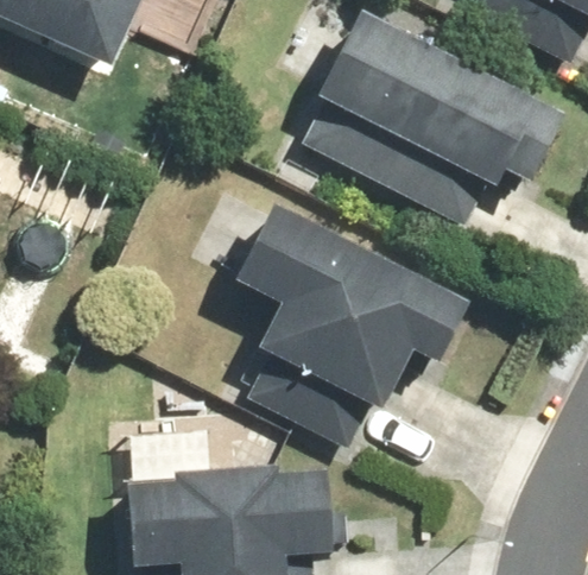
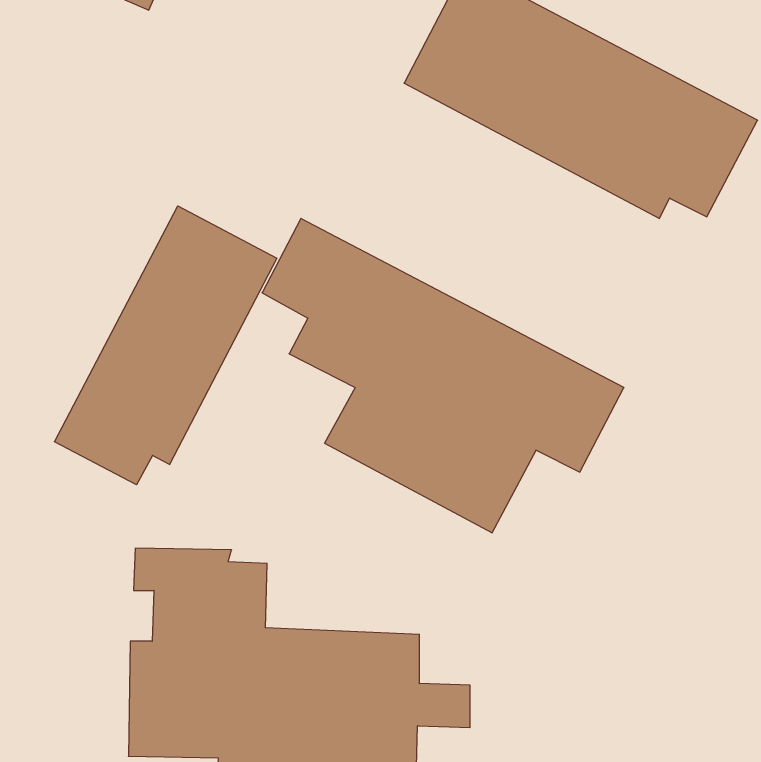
building: none -> [54,206,277,485]

